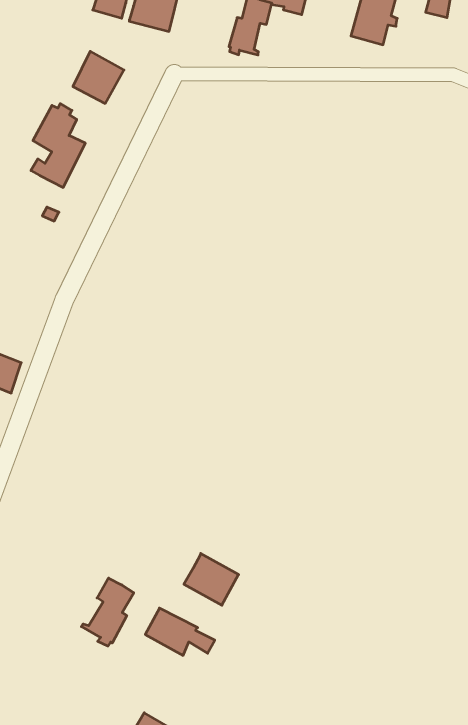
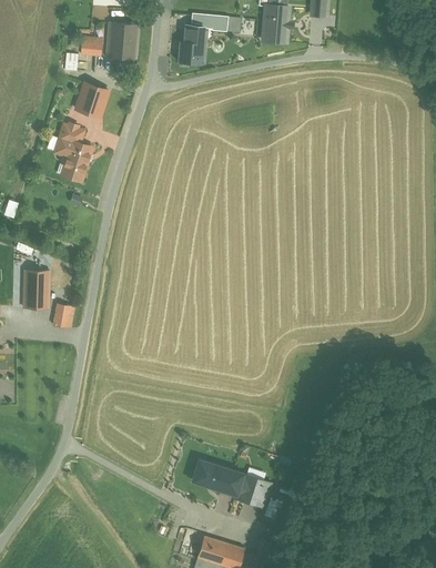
building: [184,553,239,605] -> [233,474,270,507]
building: [81,578,134,646] -> none

